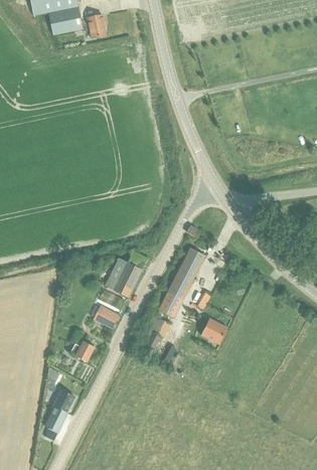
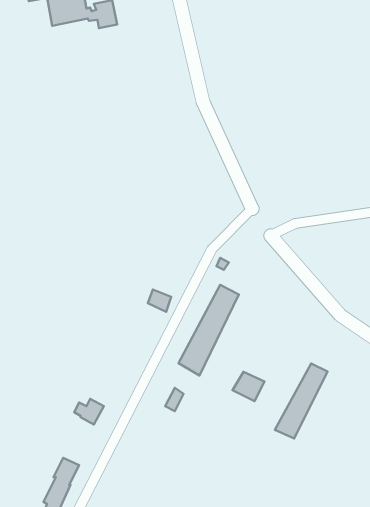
building: [104,257,141,296] -> none
building: [91,304,119,328] -> none
building: none -> [275,363,327,438]

